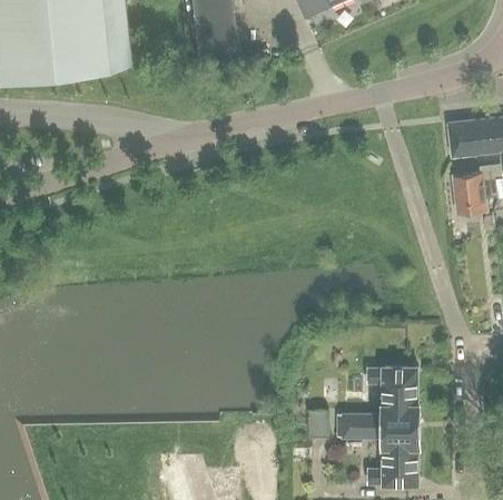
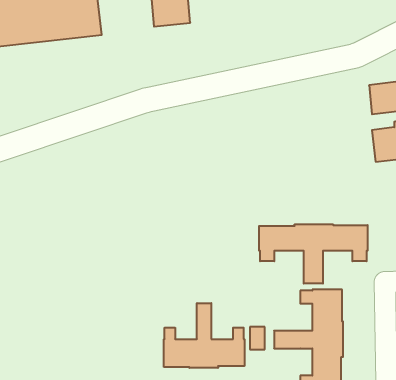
building: none -> [259,224,368,284]
building: none -> [164,303,244,368]

